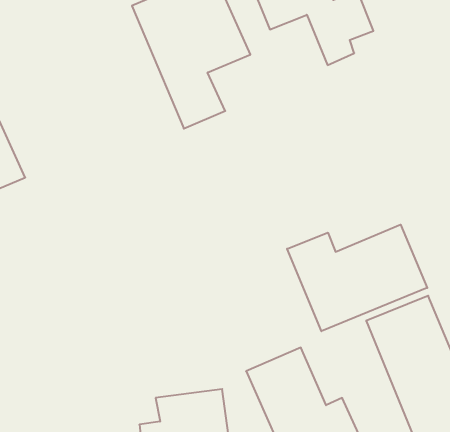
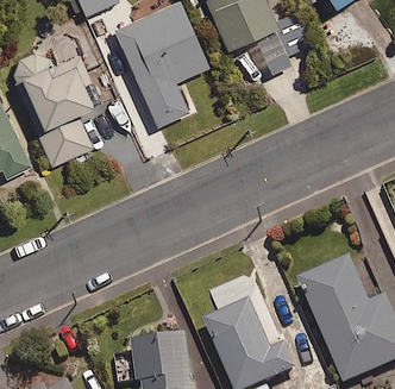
building: none -> [12,26,90,162]
building: [287,225,427,331] -> none

